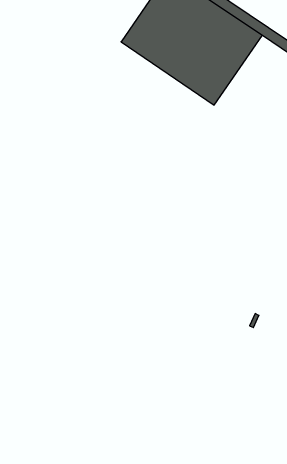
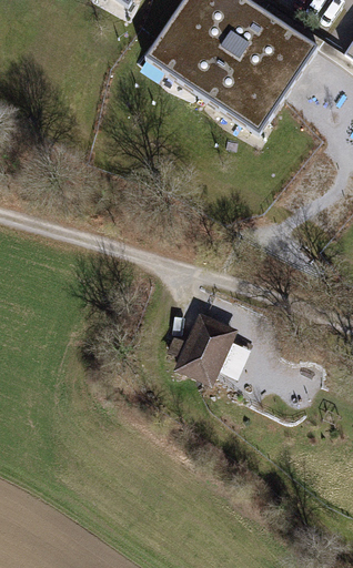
building: none -> [165,311,250,386]

